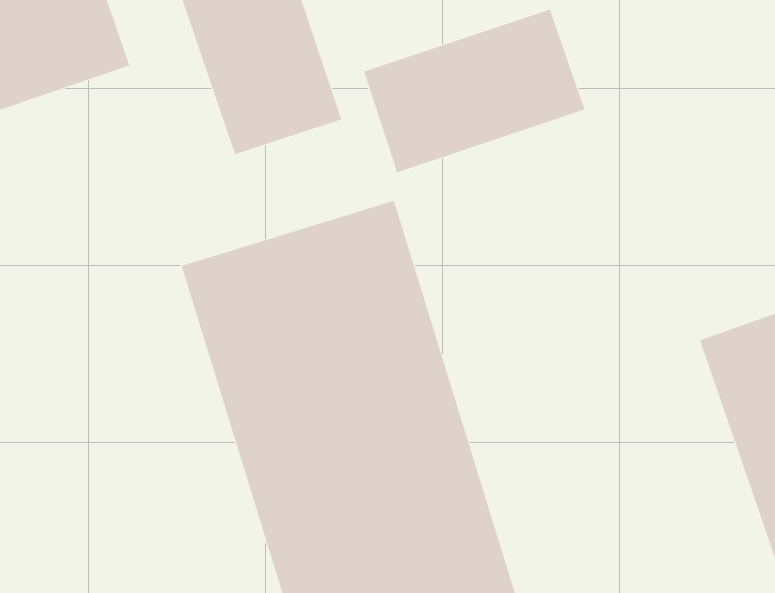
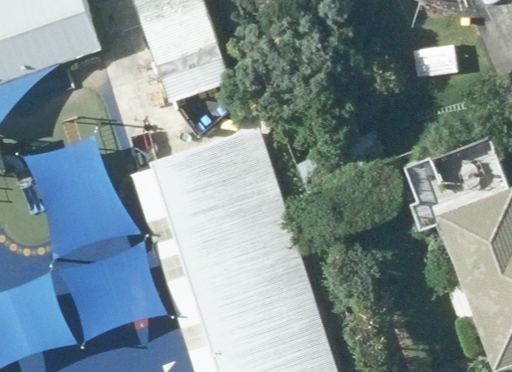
building: [363,9,585,173] -> none

